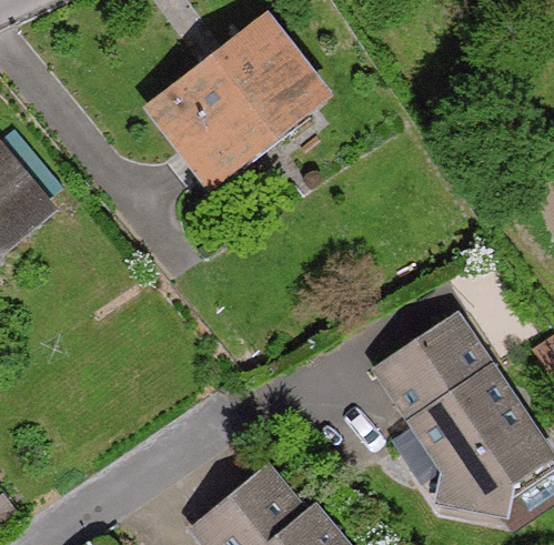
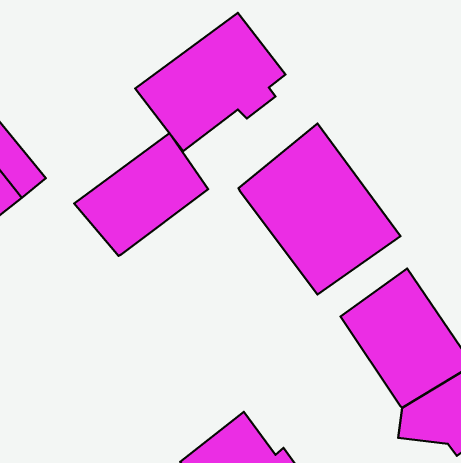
building: none -> [239,124,401,294]
building: none -> [74,133,208,256]

